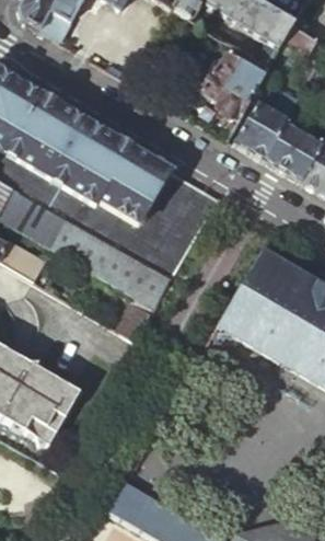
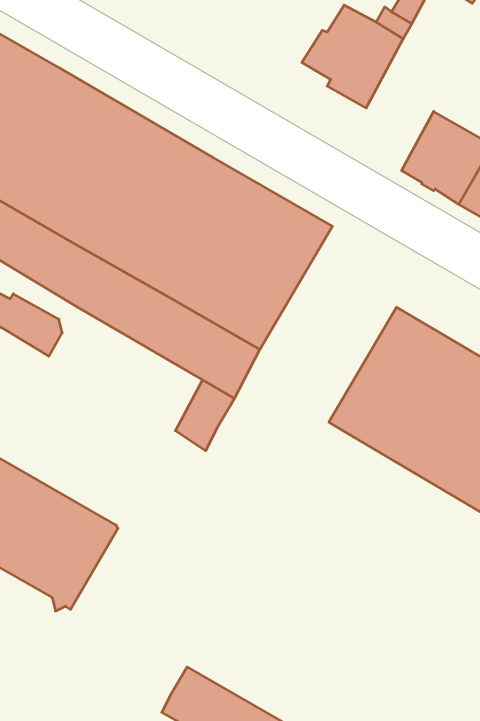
building: [233,88,299,160] -> none

